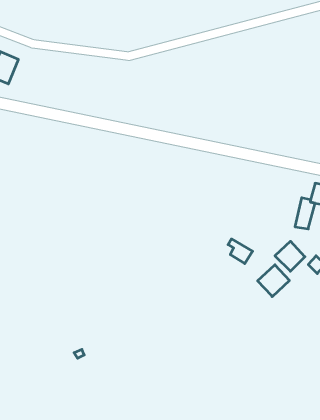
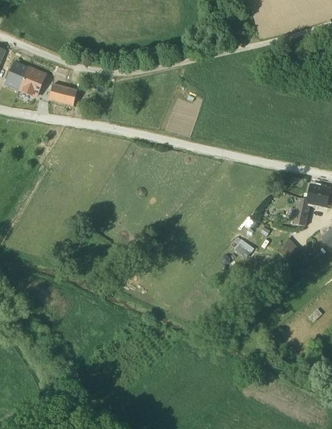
building: none -> [49,85,78,106]
building: [258,265,289,297] -> none

